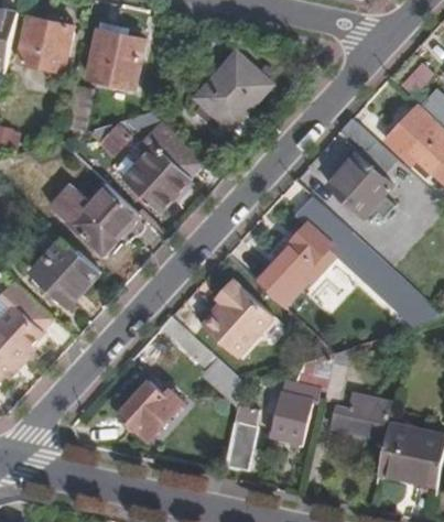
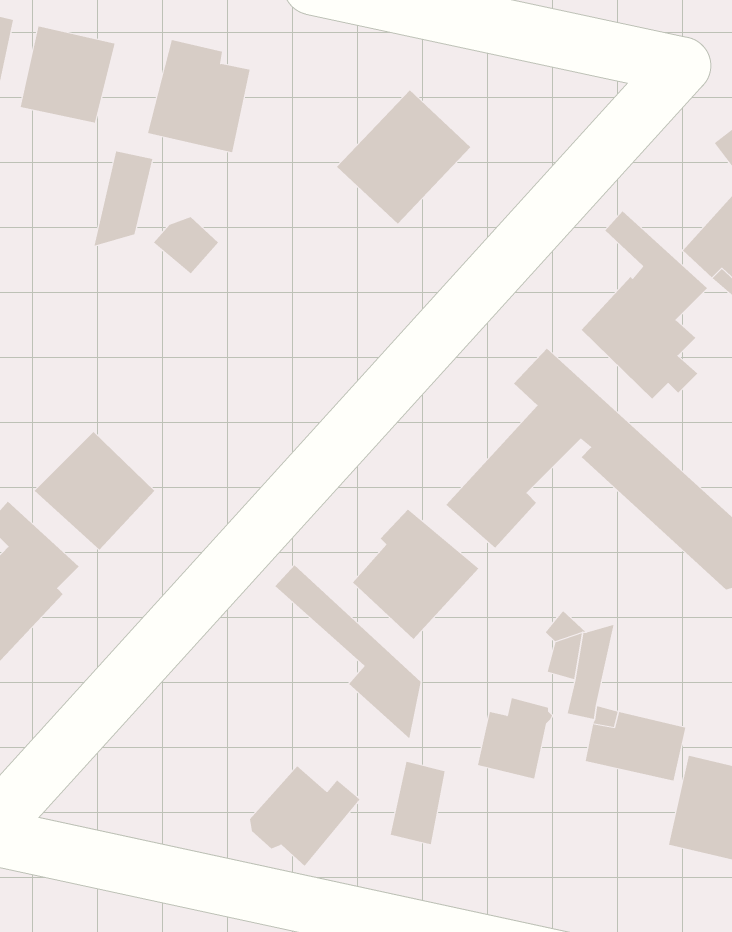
building: [123,122,203,211] -> none
building: [52,183,138,253] -> none
building: [121,382,183,438] -> [249,766,361,867]

